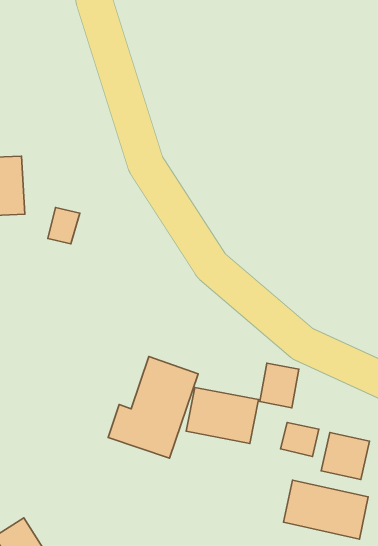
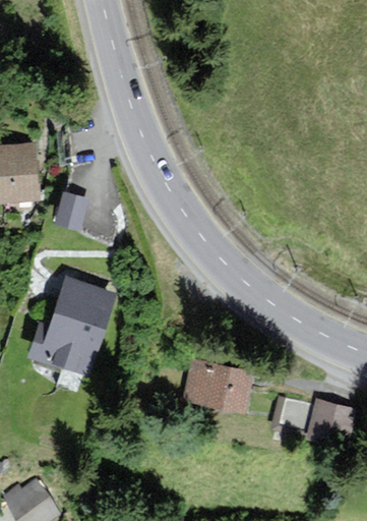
building: [108,356,198,458] -> [29,279,113,373]
building: [260,363,299,408] -> none
building: [284,480,368,539] -> none

